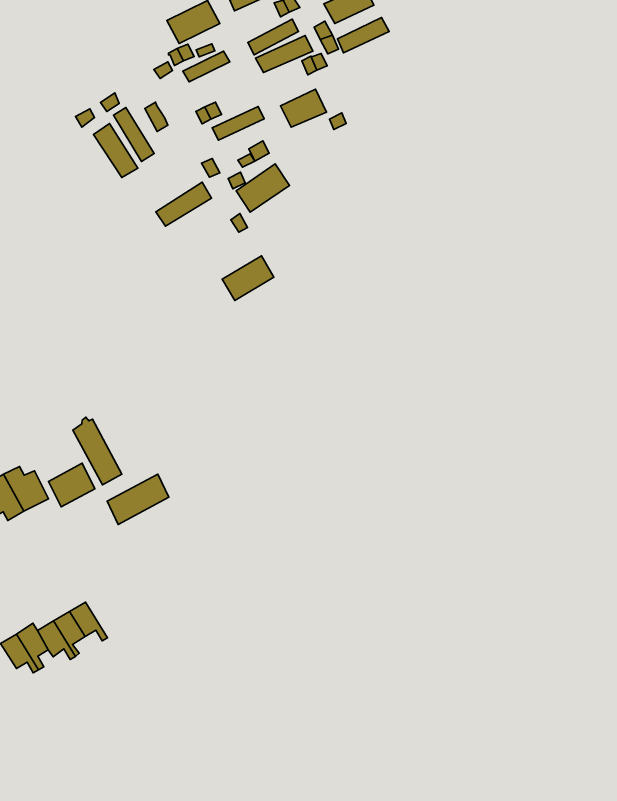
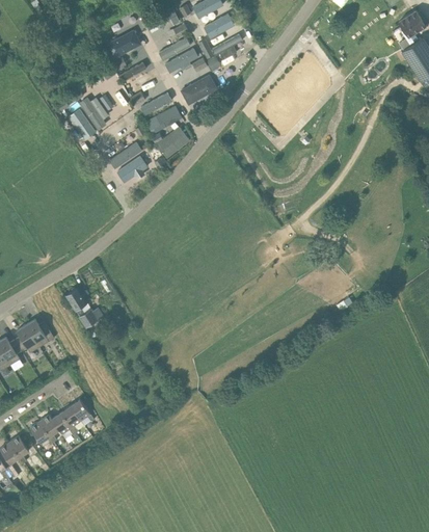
building: [222,256,274,301] -> [117,158,149,186]
building: [48,463,95,507] -> none
building: [107,474,169,524] -> none

